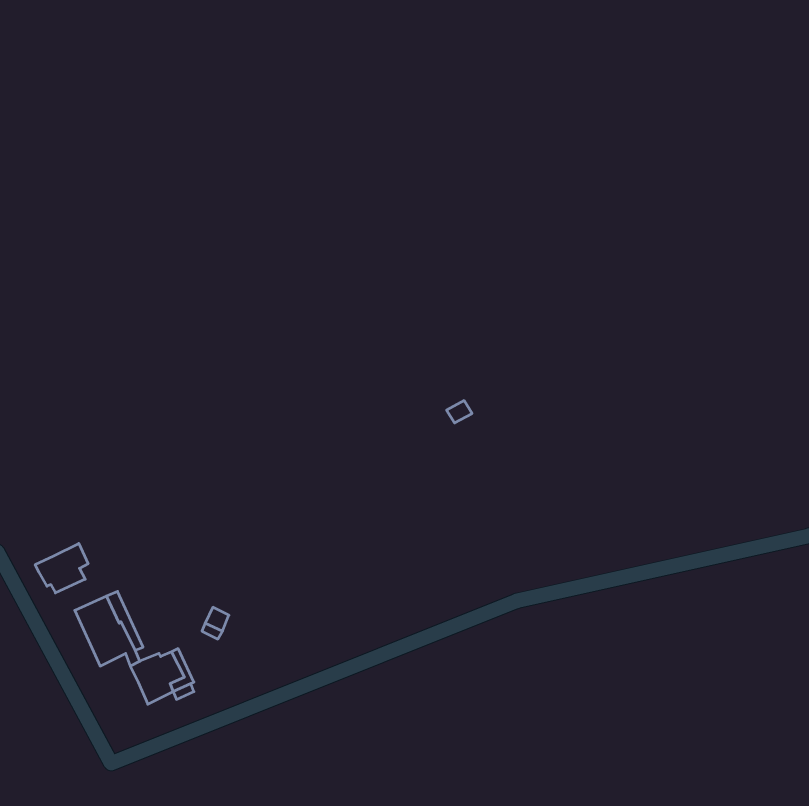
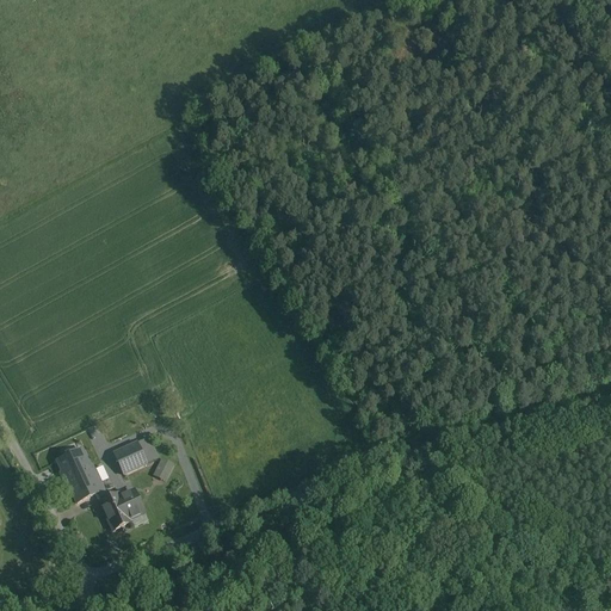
building: [35,543,88,593] -> none
building: none -> [112,440,144,473]

